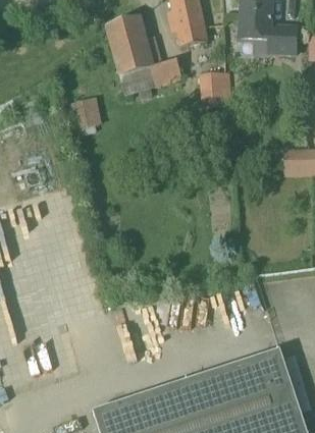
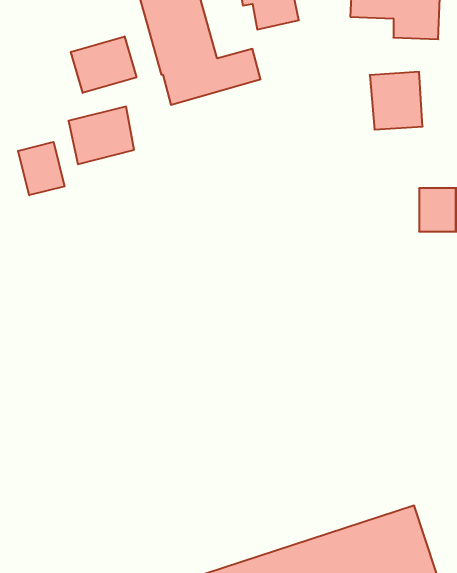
building: none -> [71,36,136,93]
building: [198,72,231,109] -> [370,72,423,130]
building: none -> [18,142,64,195]

